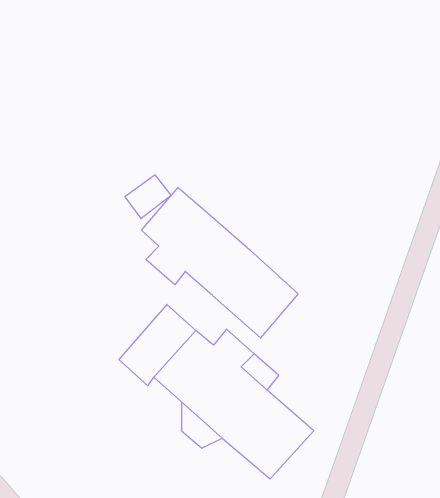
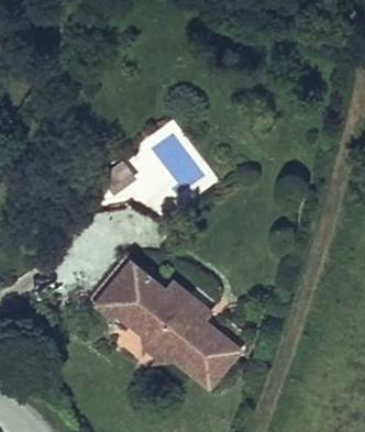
building: [141,187,298,338] -> none

